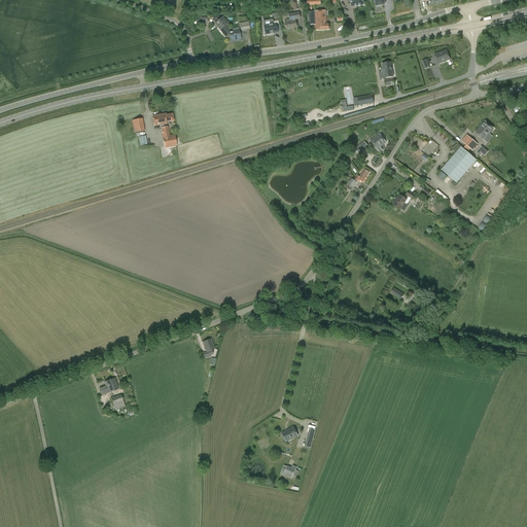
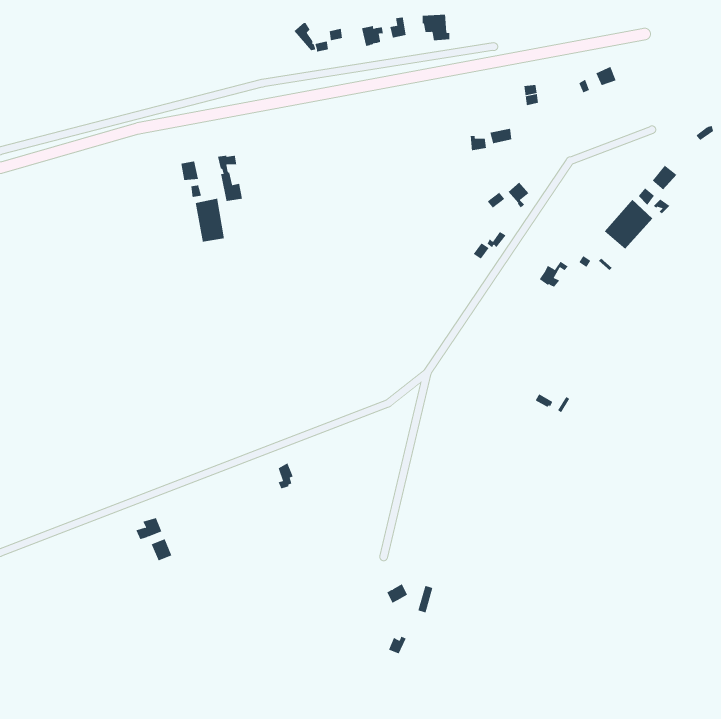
building: none -> [195,198,224,243]

